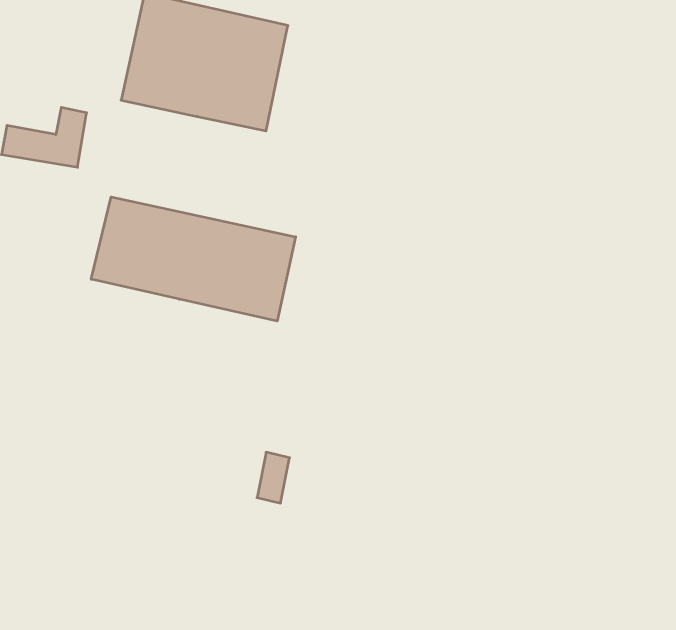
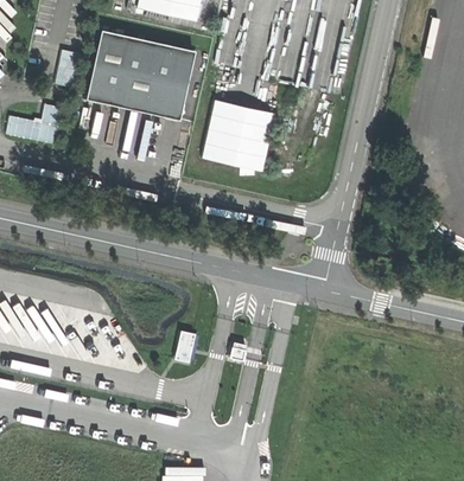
building: none -> [203,101,274,172]
building: [91,197,296,321] -> none

